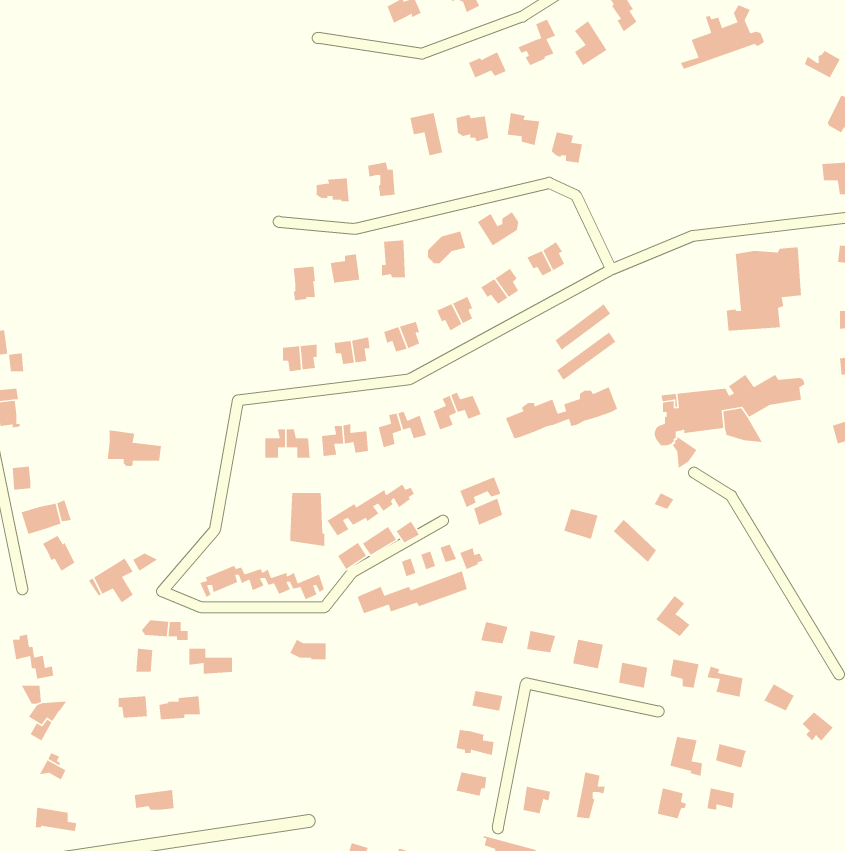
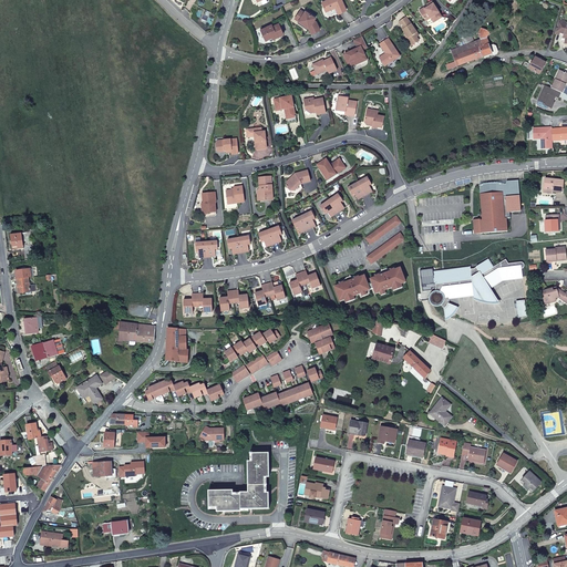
building: [107,430,162,467] -> [118,321,153,344]
building: [290,492,325,547] -> [165,328,187,362]
building: none -> [207,446,268,509]

